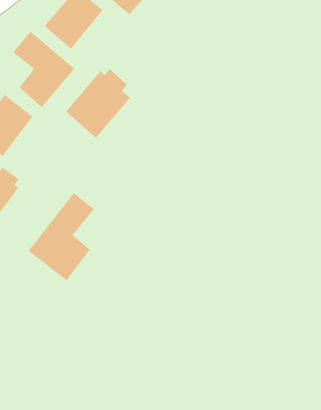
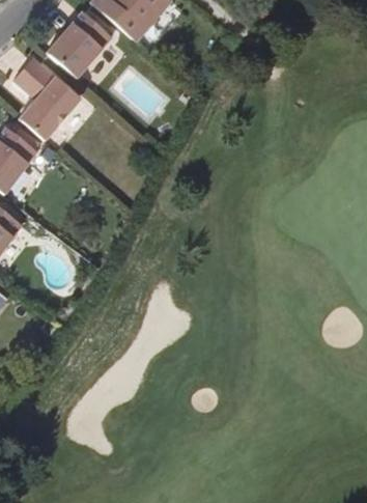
building: [65,69,131,139] -> none
building: [28,192,94,281] -> none

